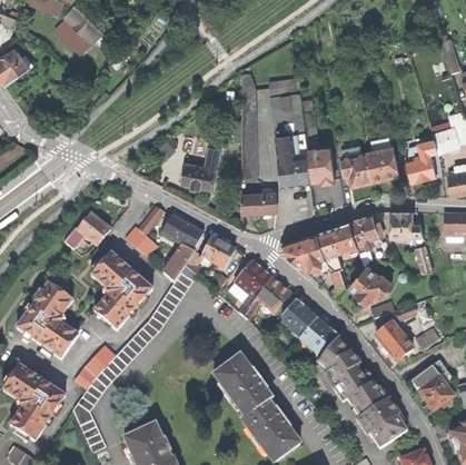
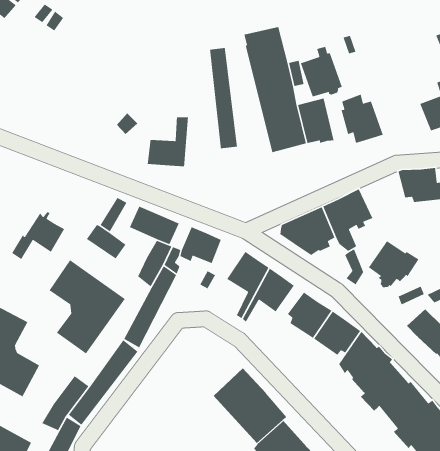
building: [367,140,399,180] -> [300,46,343,98]
building: [241,185,276,212] -> none
building: [349,214,383,267] -> none

